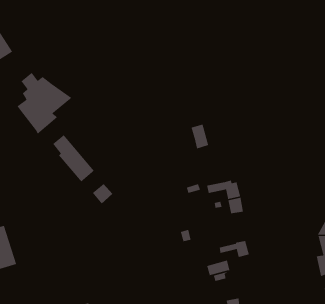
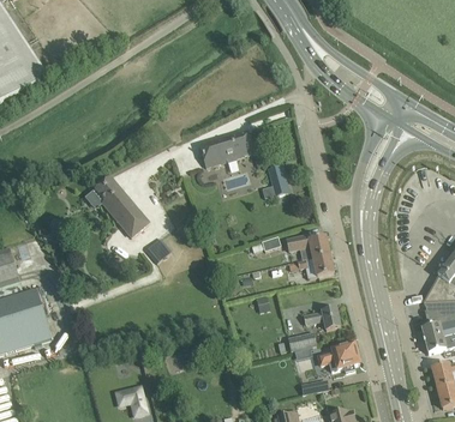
building: [17,72,72,135] -> none
building: none -> [198,131,253,167]
building: none -> [317,343,358,373]

